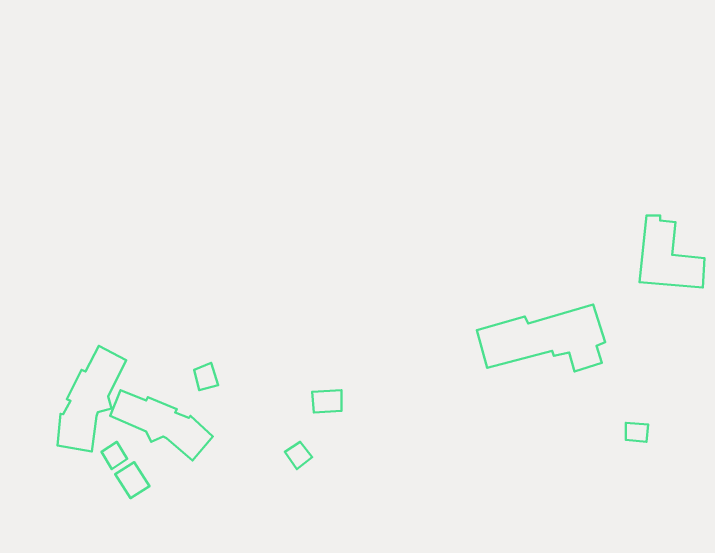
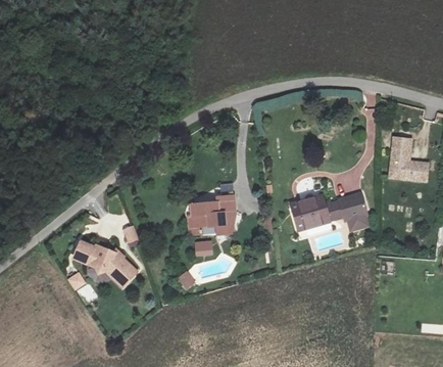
building: none -> [190,194,234,236]
building: [58,346,126,451] -> none

